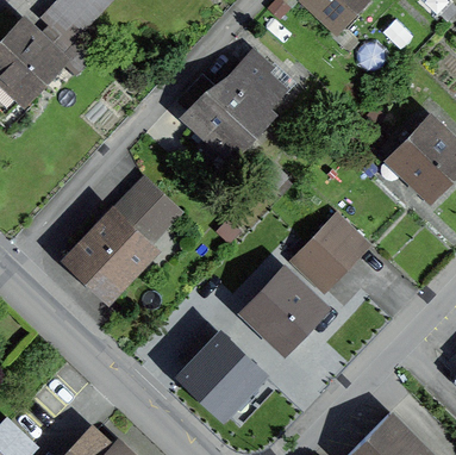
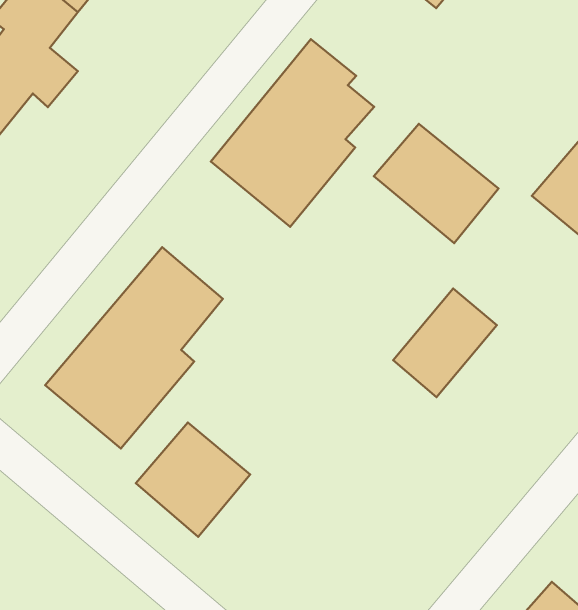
building: none -> [374,124,498,243]
building: [246,270,320,344] -> none
building: [183,335,260,411] -> [136,423,250,537]

